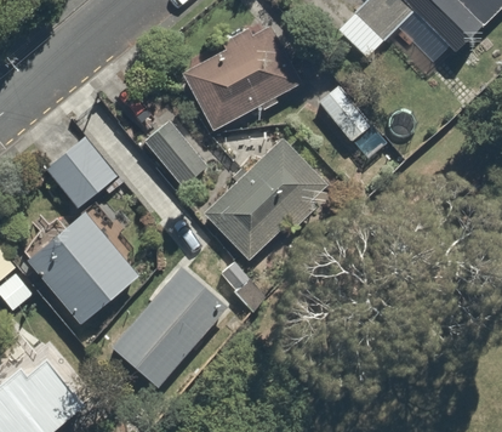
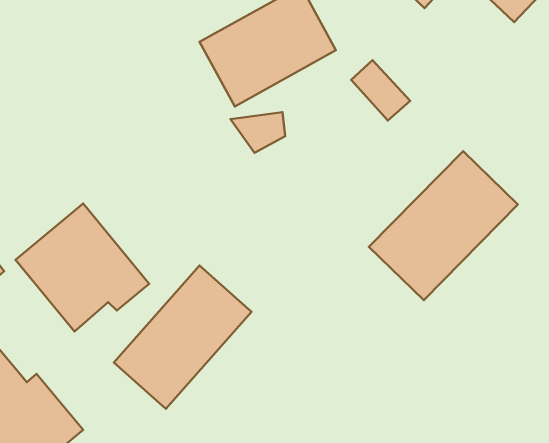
building: [141,118,206,186] -> none
building: [202,137,331,266] -> [369,151,518,300]
building: [46,138,116,209] -> none

